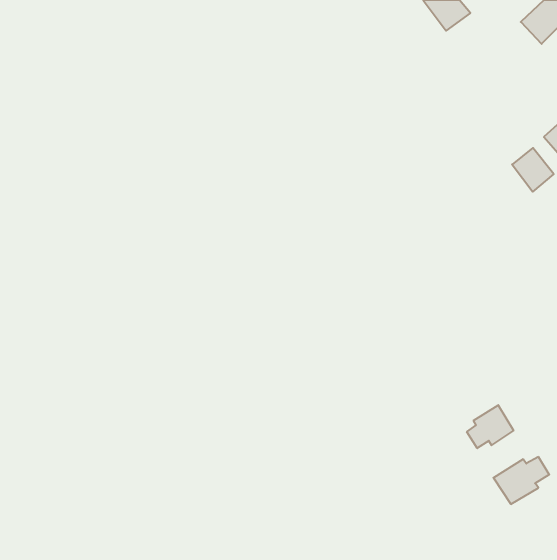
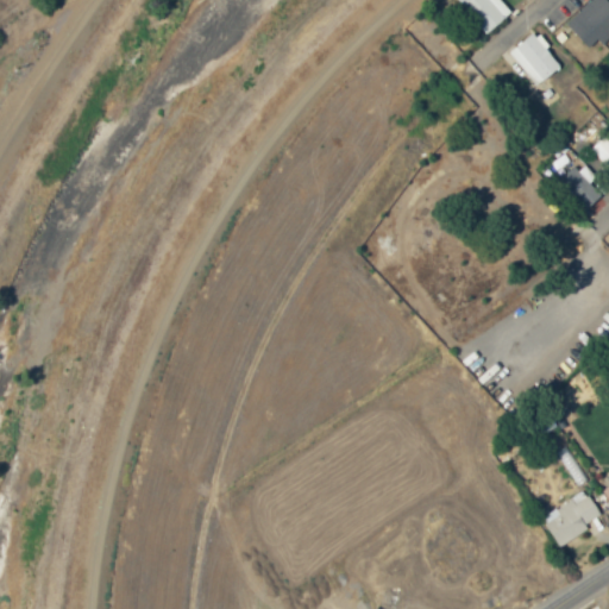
building: none -> [511,32,565,86]
building: [467,405,513,448] -> none

